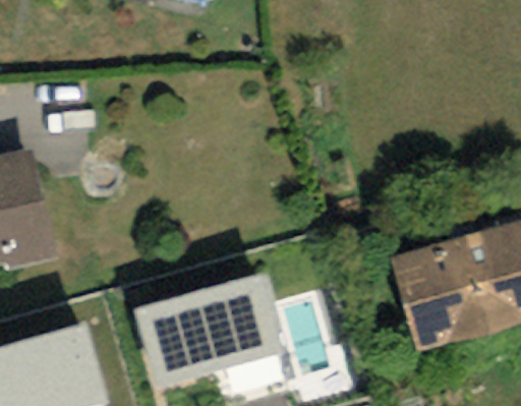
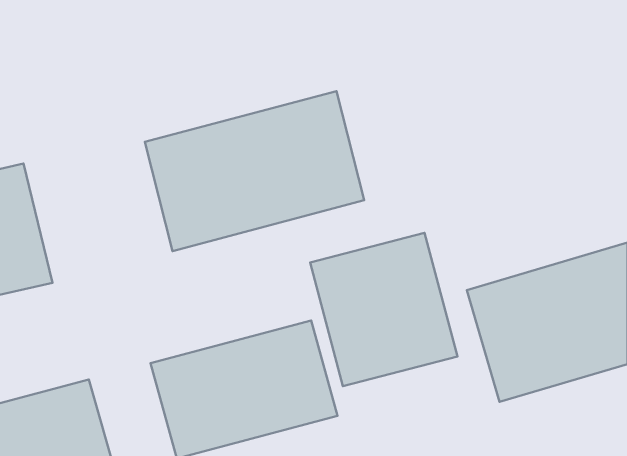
building: none -> [145,91,364,251]
building: none -> [310,233,458,386]

